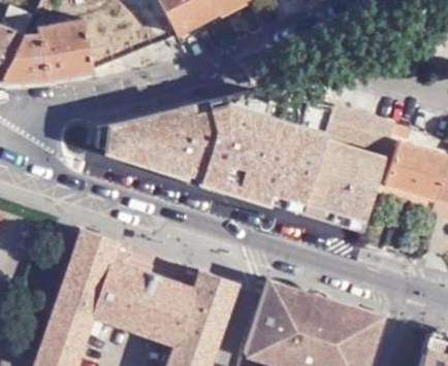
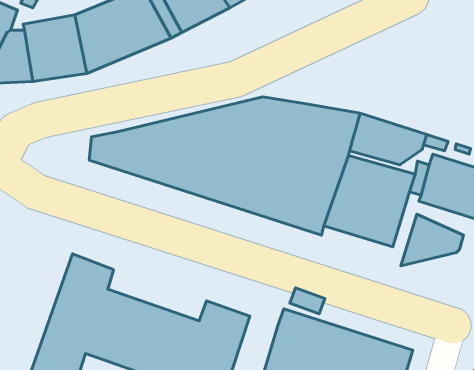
building: none -> [401,214,463,266]

